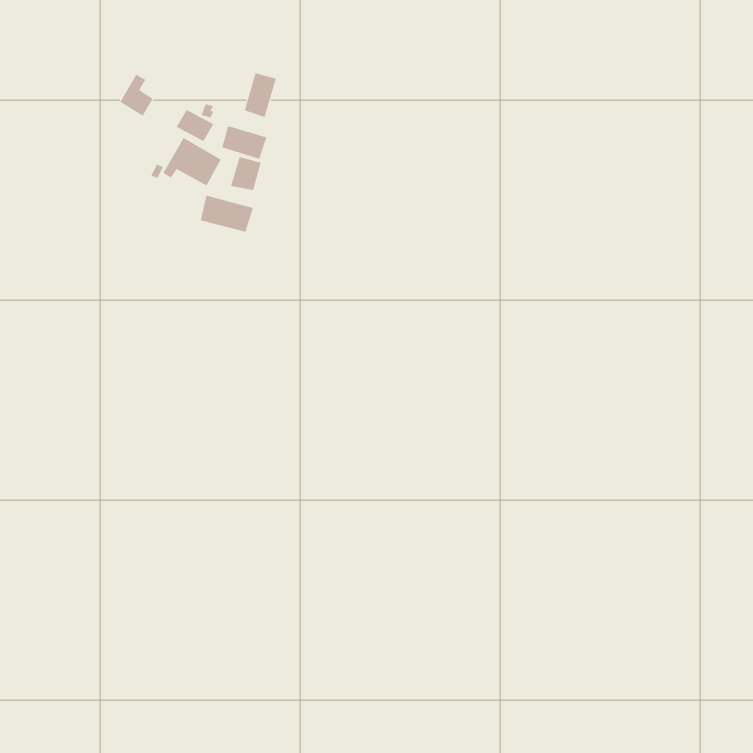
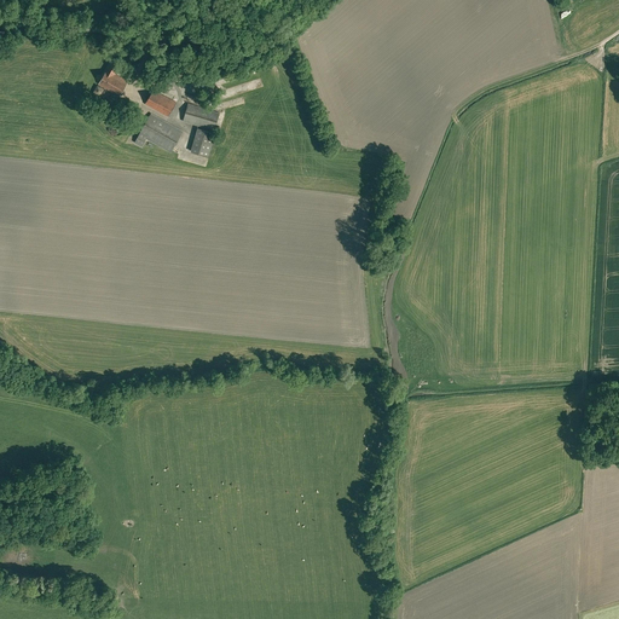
building: [244,73,277,118] -> none
building: [200,195,253,232] -> none

